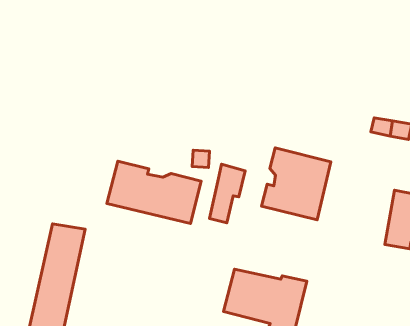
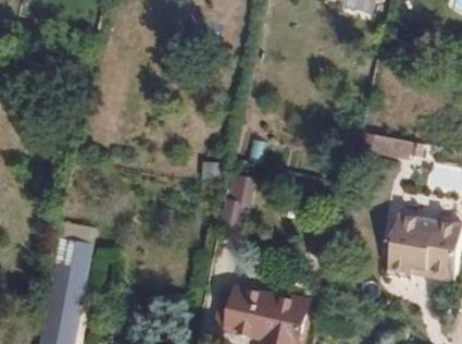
building: [262,148,331,220] -> none
building: [107,161,201,224] -> none

